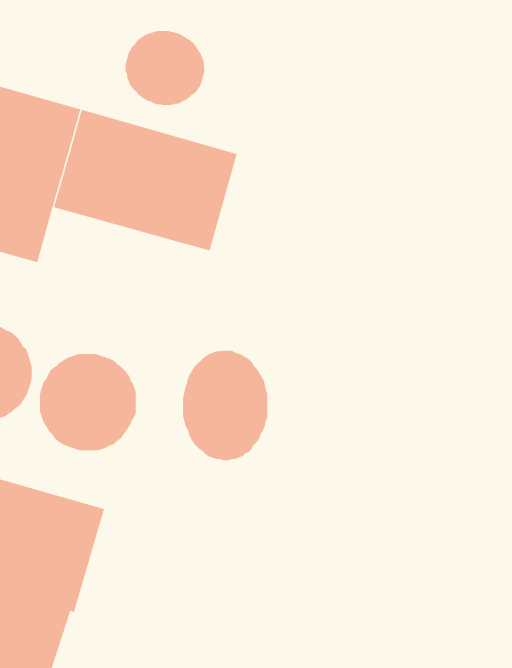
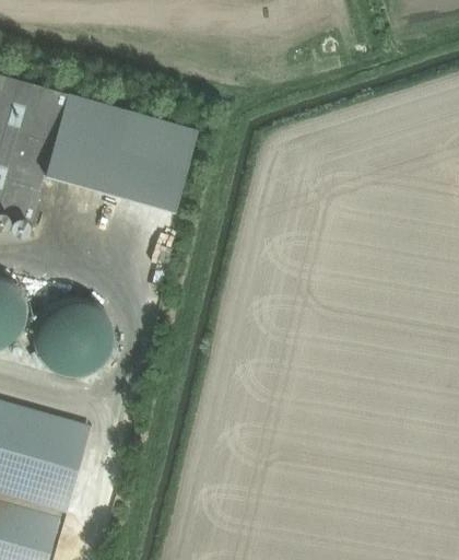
building: [125,30,205,106] -> none
building: [183,350,268,461] -> none

